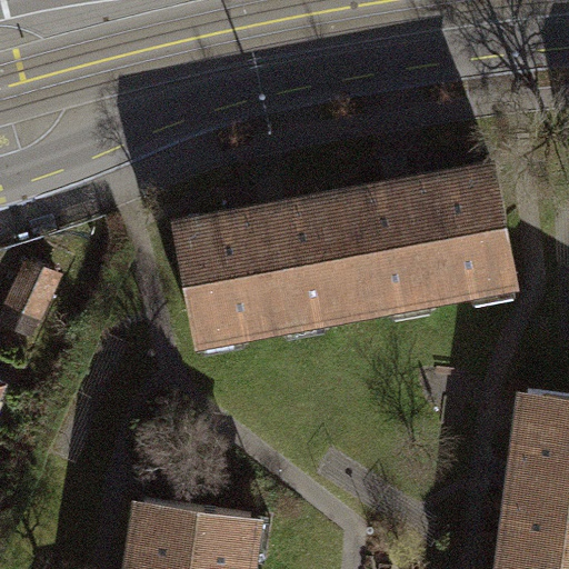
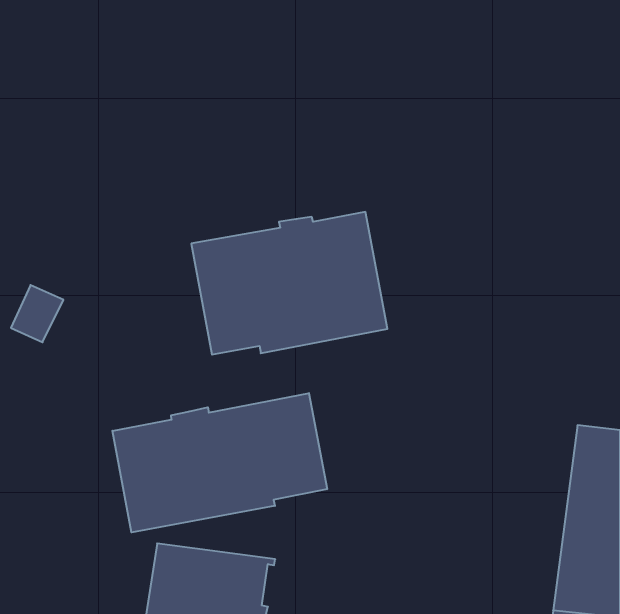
building: [333,171,510,308] -> none
building: none -> [112,393,327,532]

